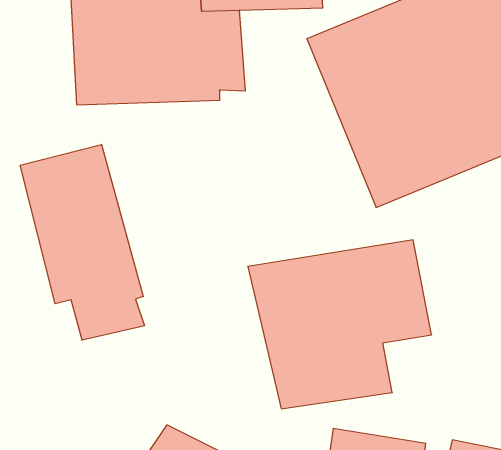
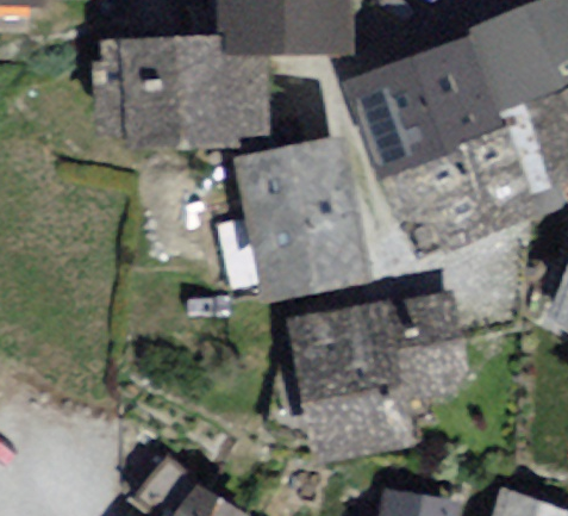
building: none -> [236,132,381,299]
building: [20,144,144,340] -> none

